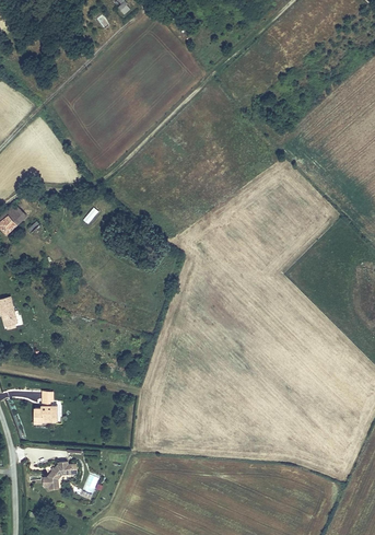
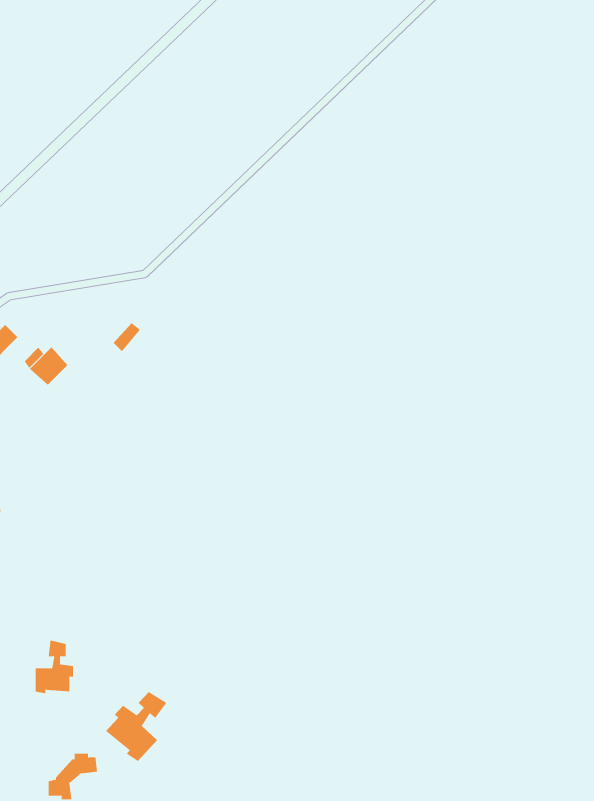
building: none -> [105,691,167,762]

